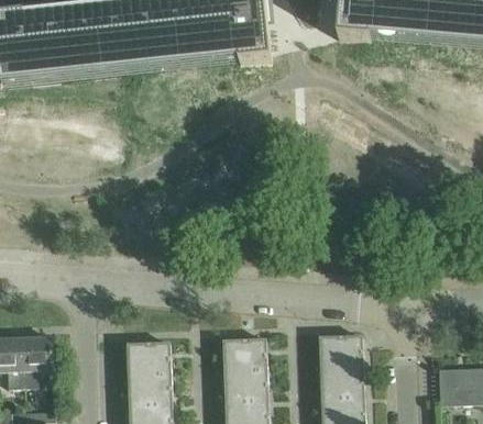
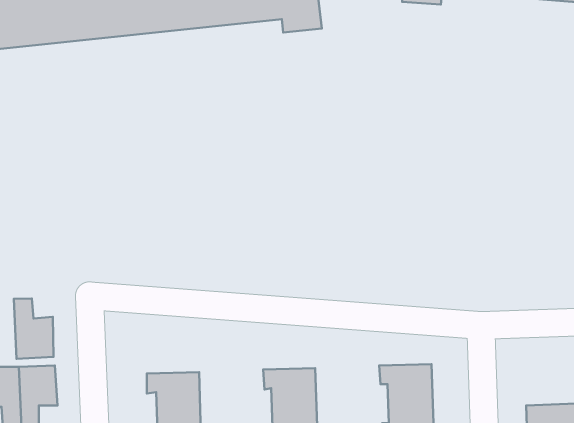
building: none -> [14,299,54,359]

